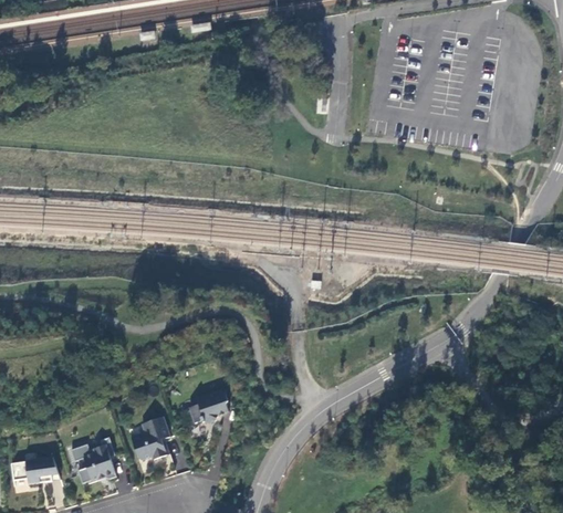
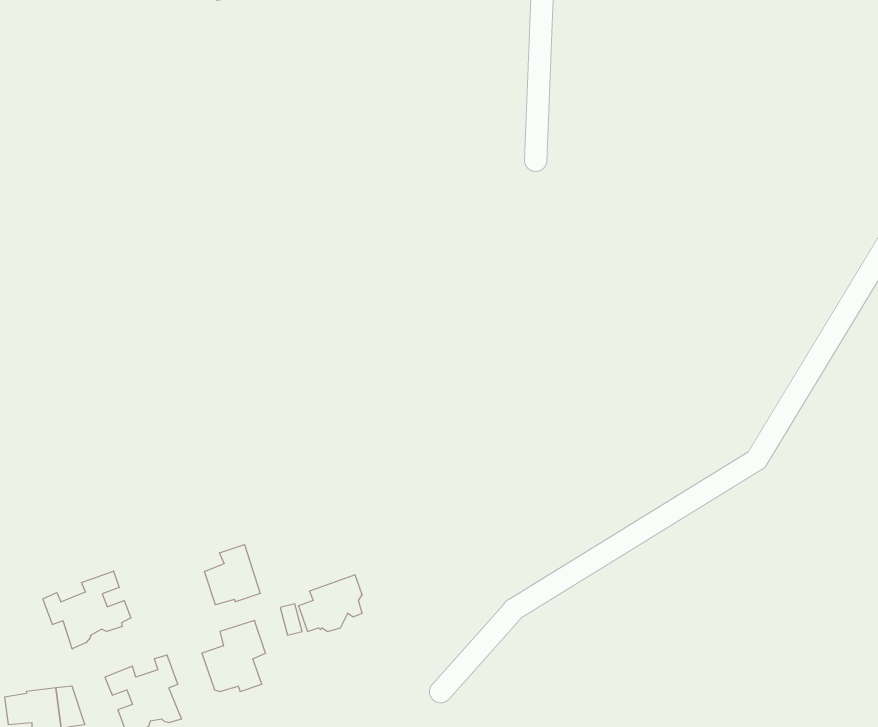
building: none -> [205,545,260,605]
building: none -> [43,571,131,649]

